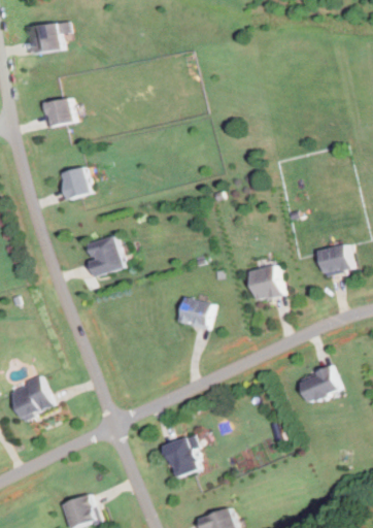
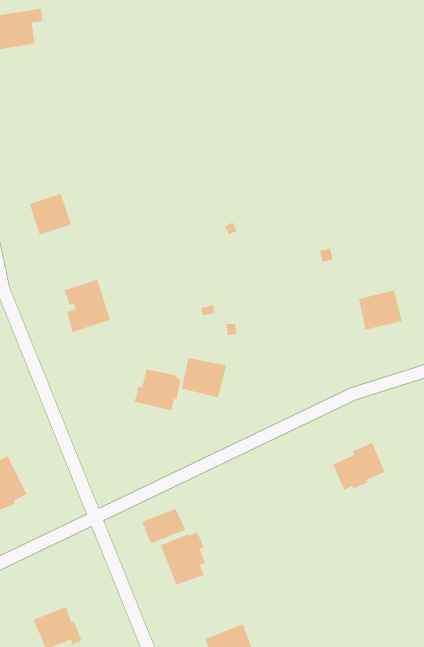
building: [43,96,76,126] -> none
building: [247,263,284,299] -> none
building: none -> [134,368,181,411]
building: none -> [142,508,186,544]

